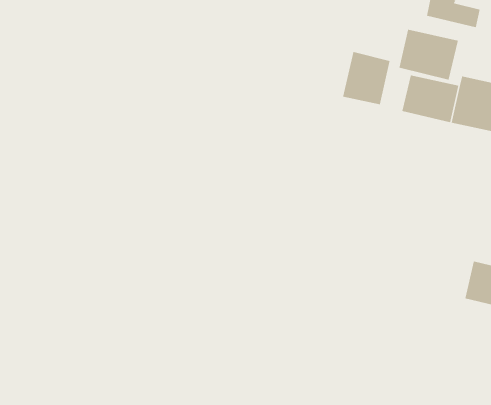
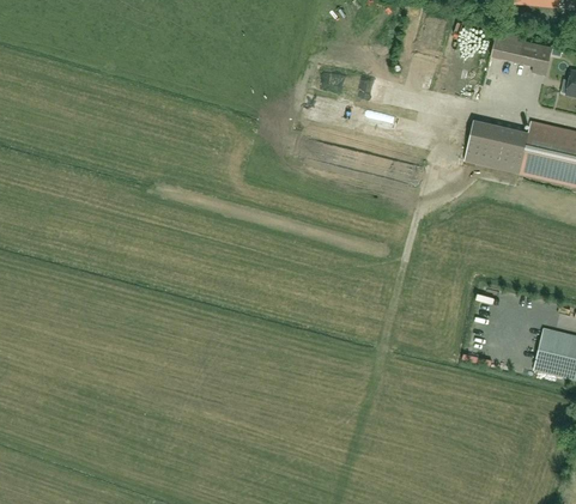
building: [399,29,458,81] -> none
building: [343,51,390,105] -> none

